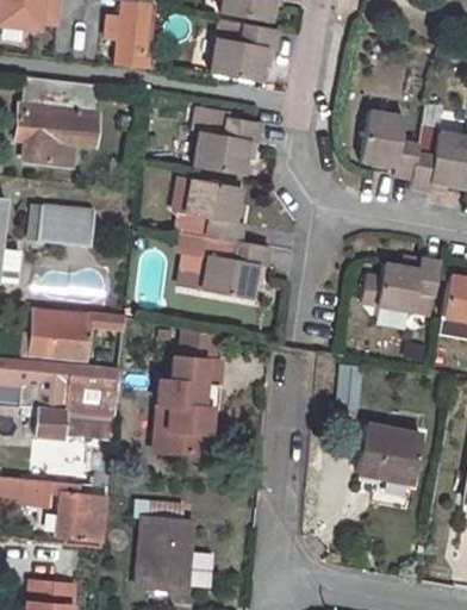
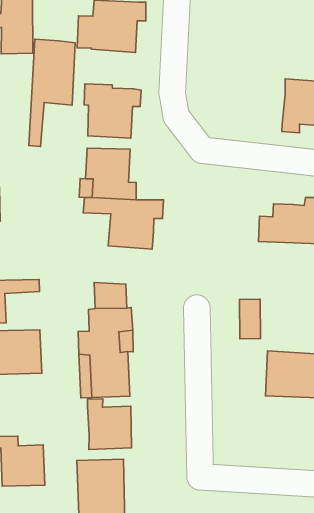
building: none -> [29,39,75,146]
building: [362,113,417,179] -> none
building: none -> [88,399,131,450]

